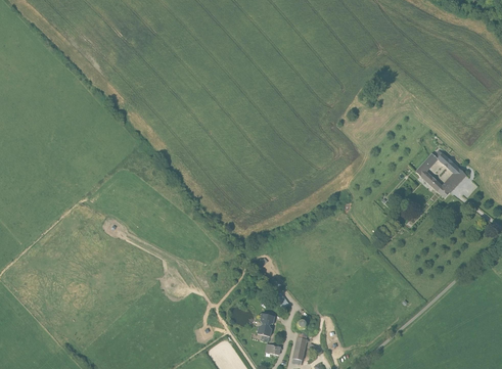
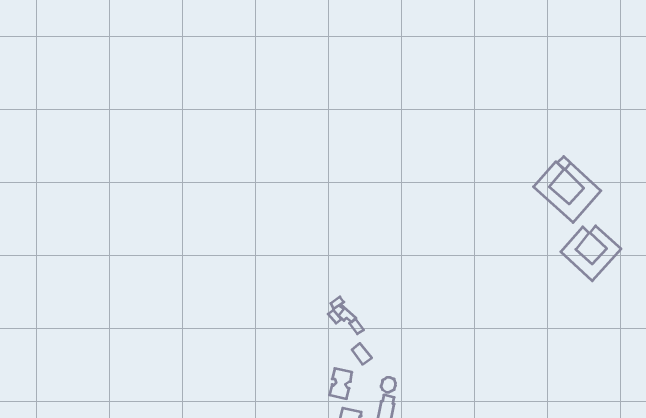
building: none -> [561,226,621,281]

